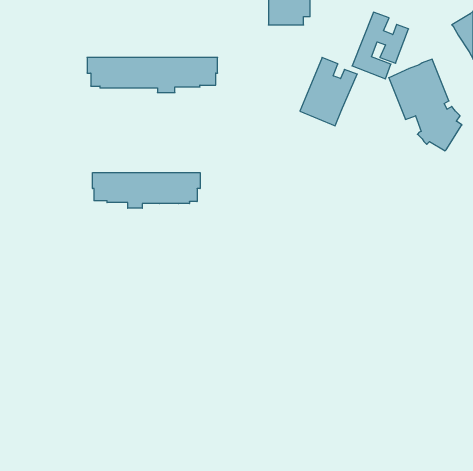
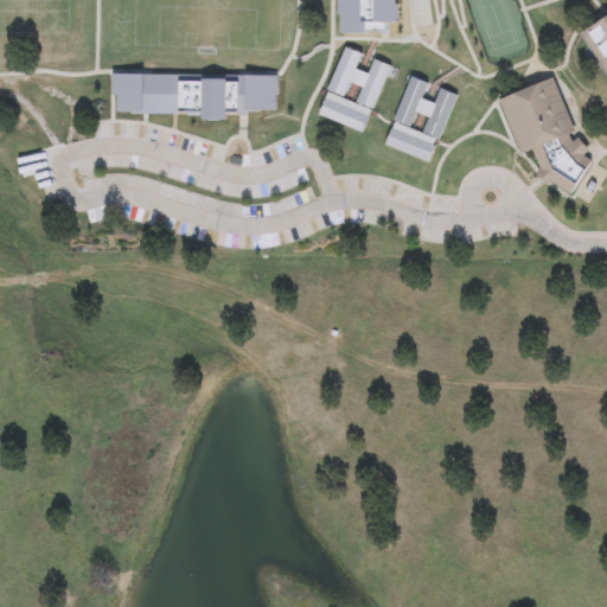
building: [352,12,409,79] -> [318,45,390,130]
building: [93,173,200,208] -> none

